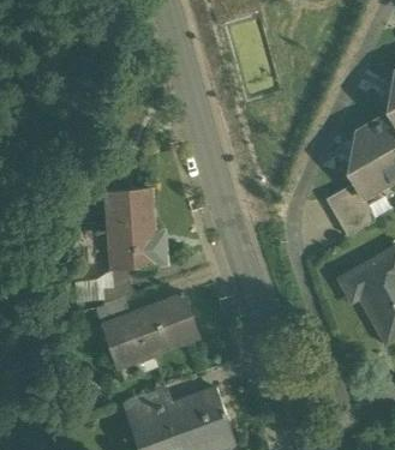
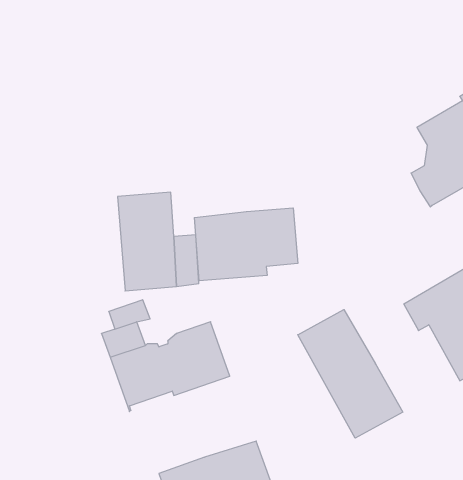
building: [323,186,373,238] -> none
building: none -> [194,208,298,281]
building: none -> [298,310,403,438]
building: [132,383,176,416] -> none

